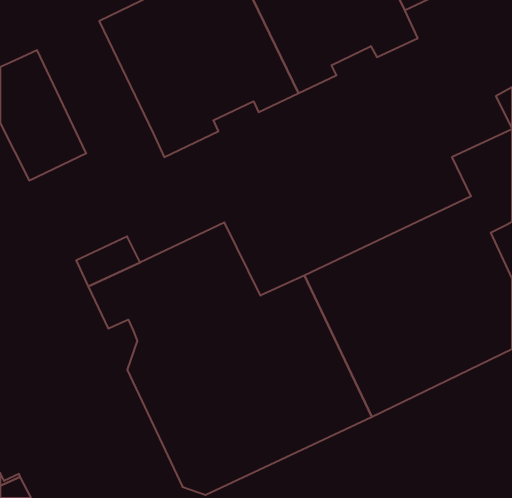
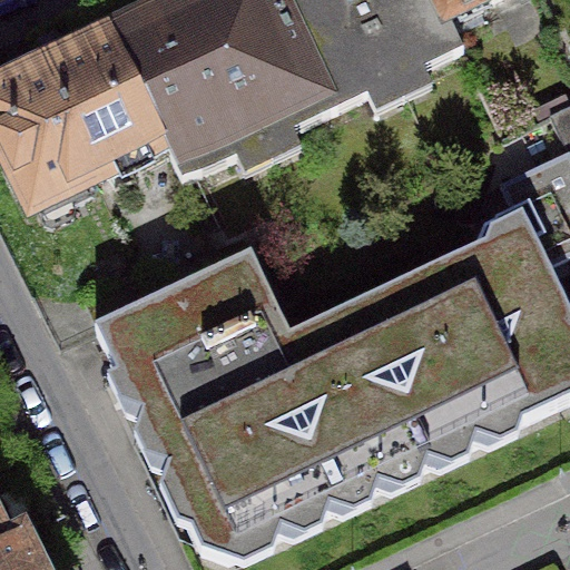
building: none -> [41,23,170,170]

